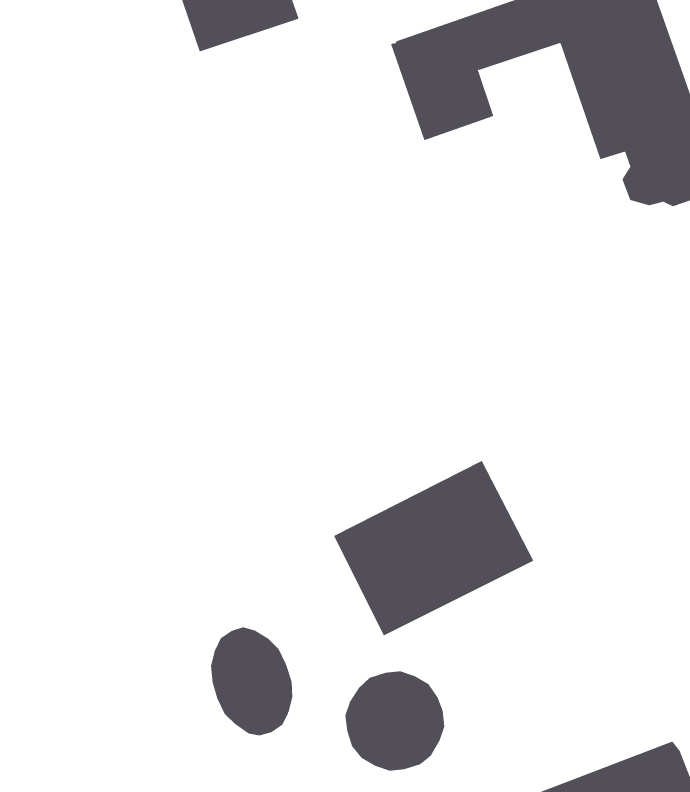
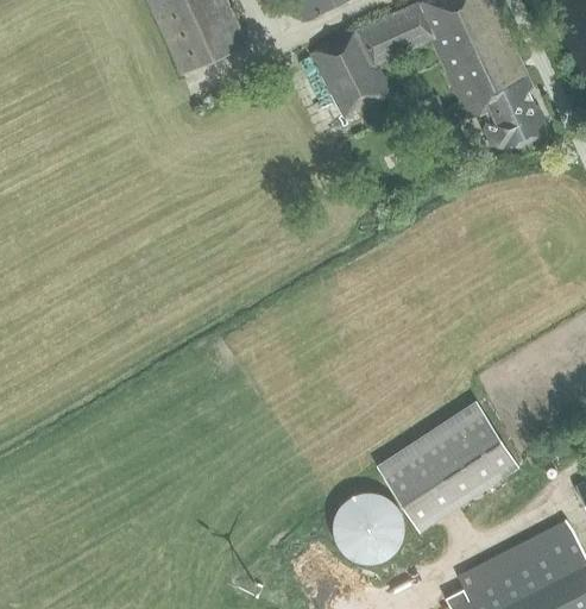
building: [333,460,534,636] -> [376,402,518,533]
building: [210,627,293,736] -> none

